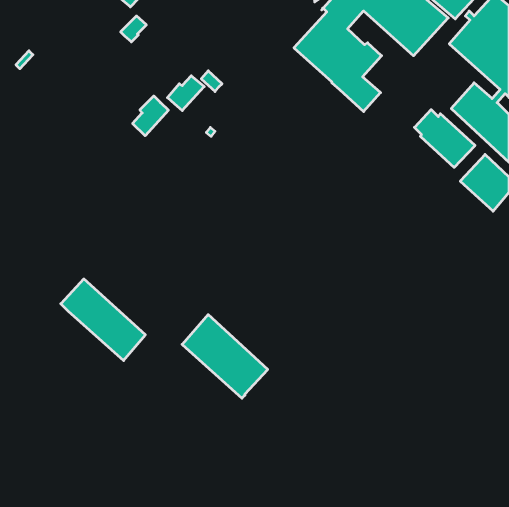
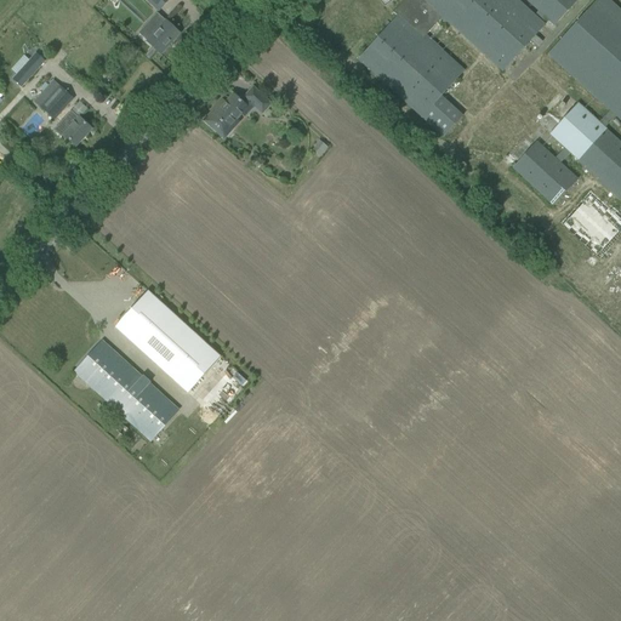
building: none -> [33,78,73,118]
building: none -> [53,108,91,144]
building: [133,96,168,136] -> none
building: [182,315,268,398] -> [115,289,220,391]

